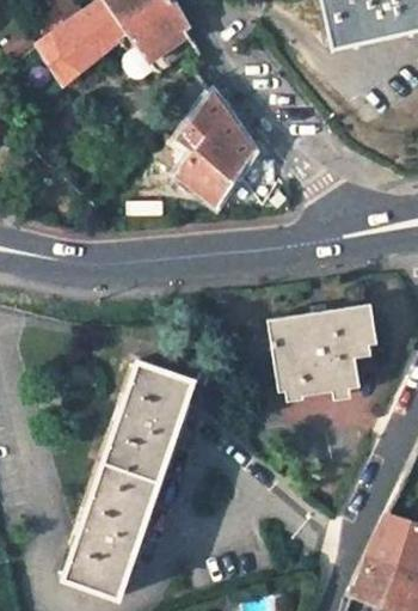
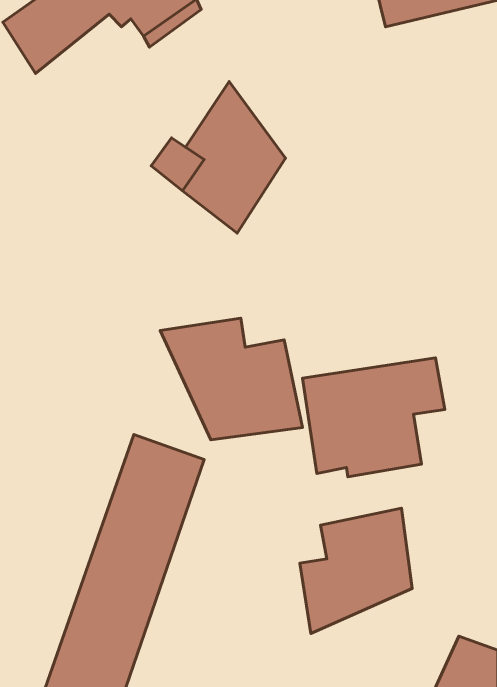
building: none -> [160,318,302,440]
building: none -> [300,508,412,634]

